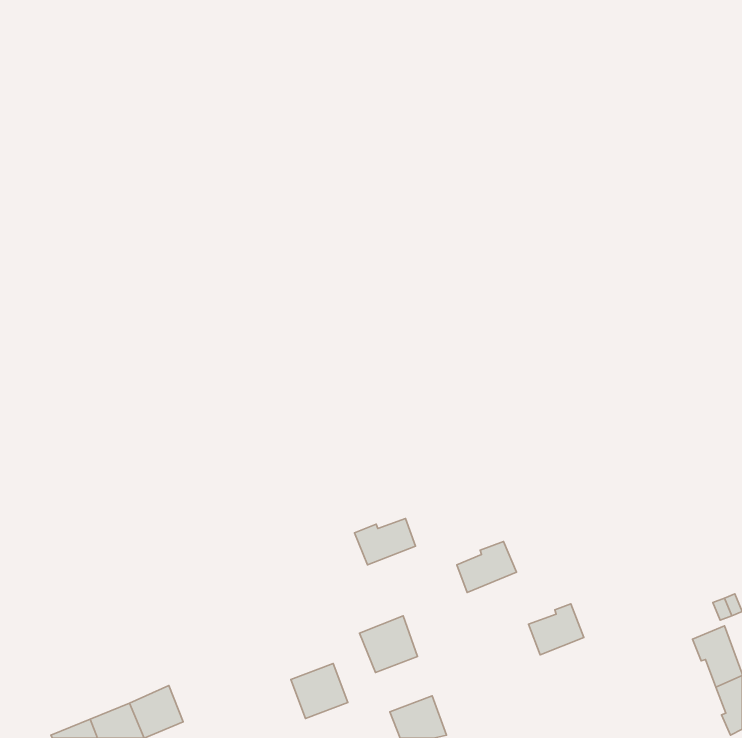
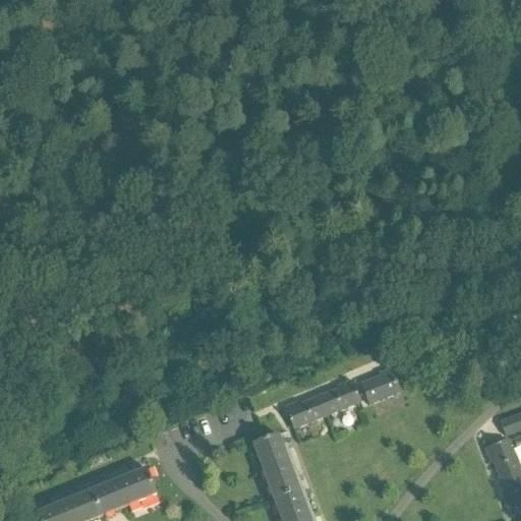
building: [354,518,416,565] -> [284,395,327,427]
building: [528,604,584,655] -> [360,367,399,403]
building: [291,663,348,719] -> [263,459,302,498]
building: none -> [118,468,156,505]

